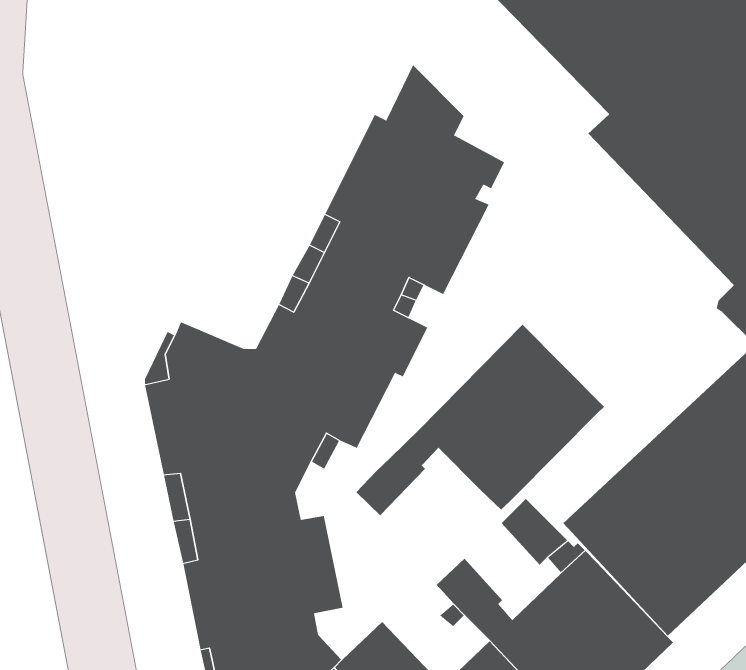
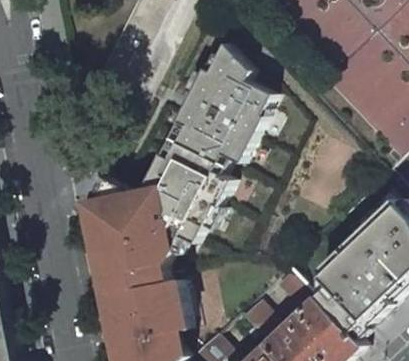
building: [355,324,605,516] -> none

